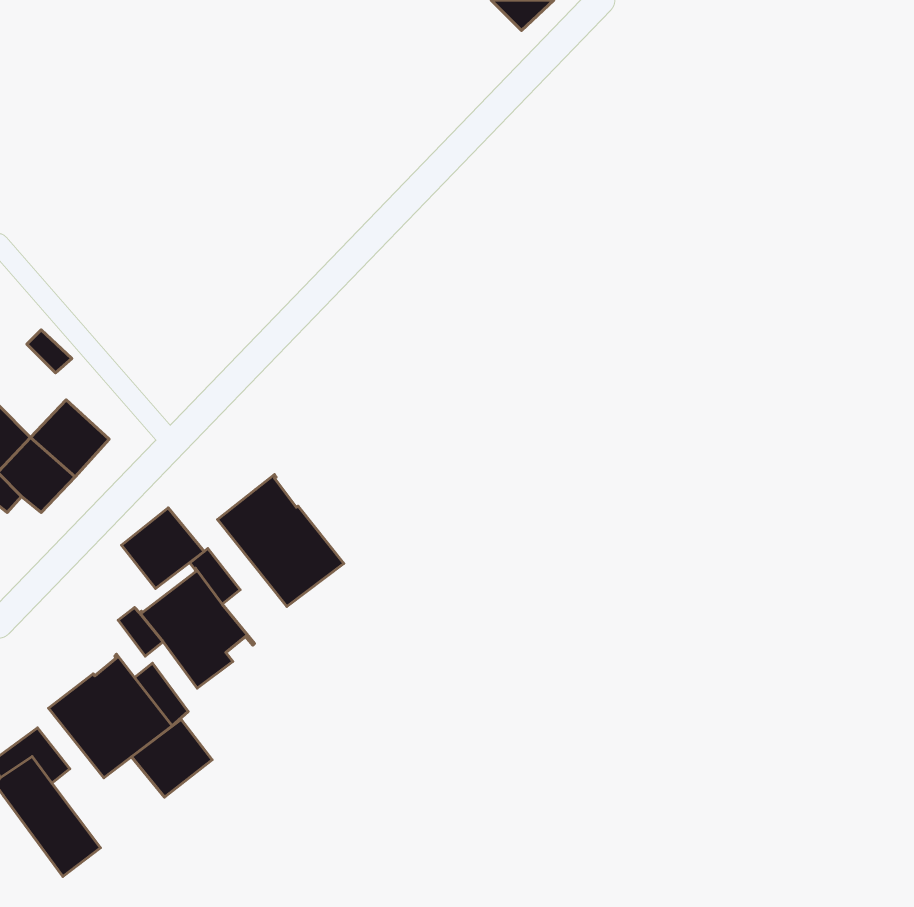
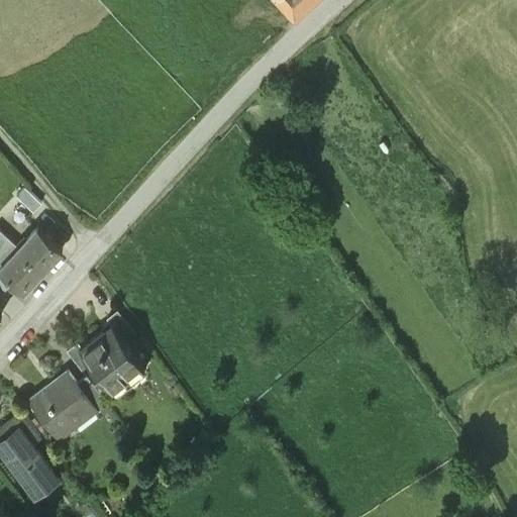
building: [217,474,344,607] -> none
building: [121,508,204,589] -> none
building: [132,720,212,797] -> none

